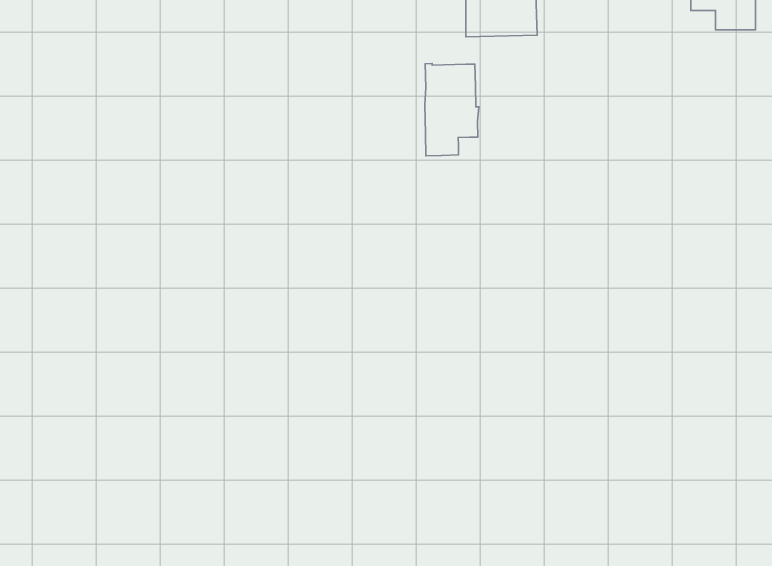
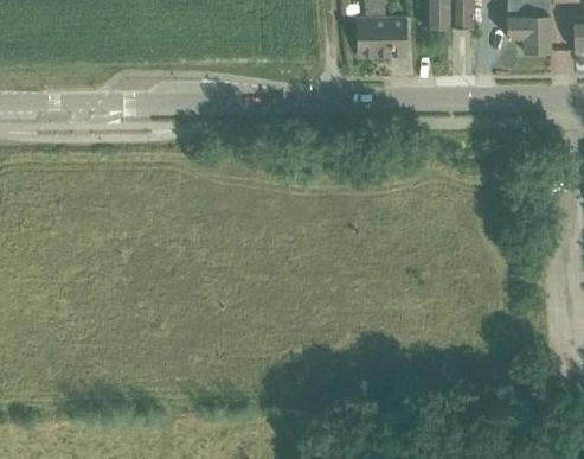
building: [425,63,479,156] -> none

